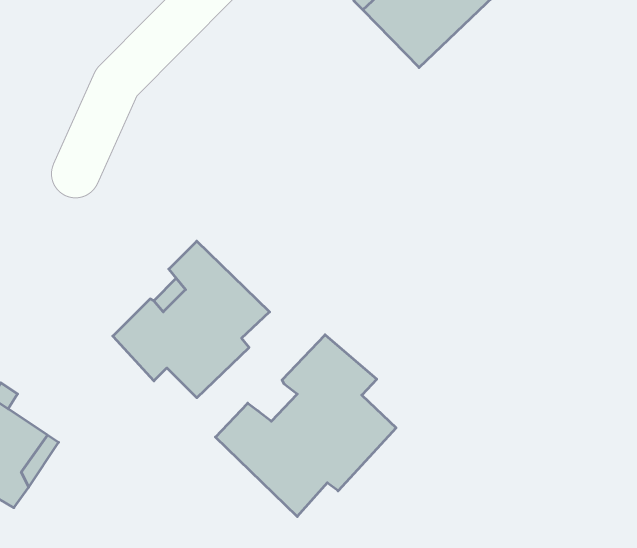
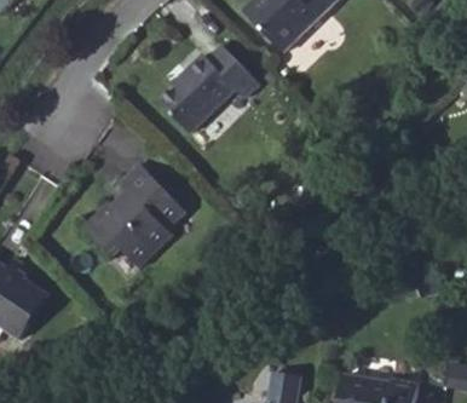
building: none -> [160,46,258,133]
building: [215,335,396,517] -> none

